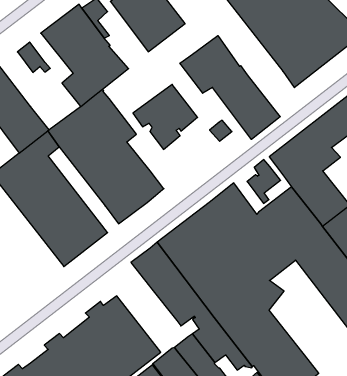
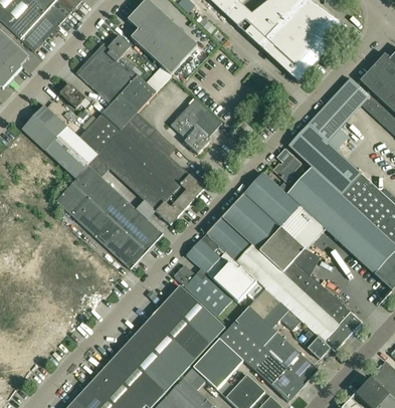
building: [180,36,280,139] -> none
building: none -> [79,105,122,154]
building: none -> [174,263,233,315]

